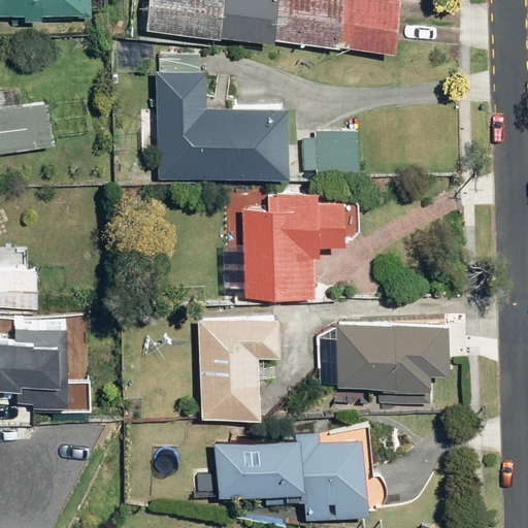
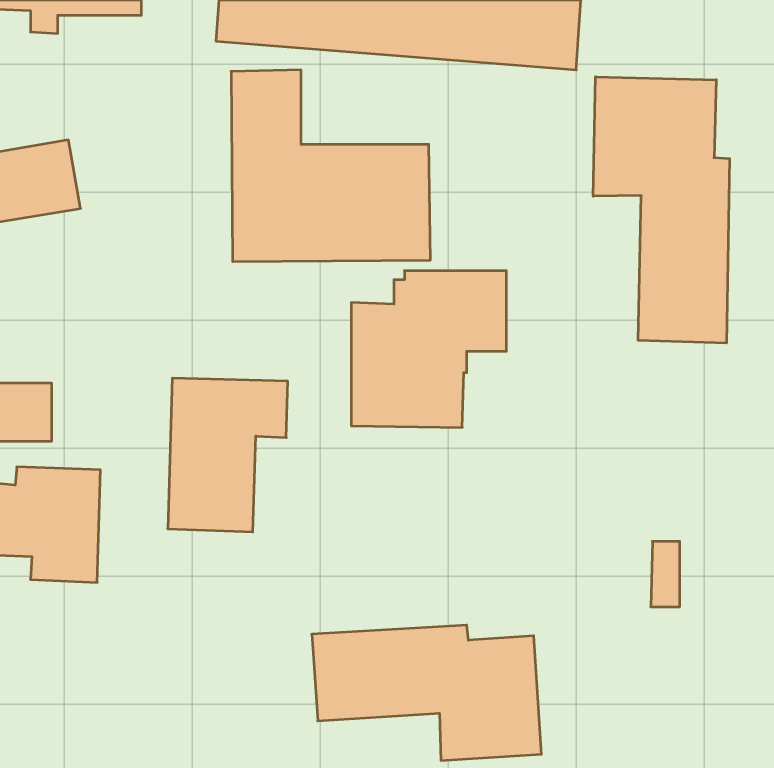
building: none -> [593,77,730,343]
building: [300,131,360,178] -> none
building: [198,316,279,420] -> [168,378,288,532]
building: [318,322,447,390] -> none

